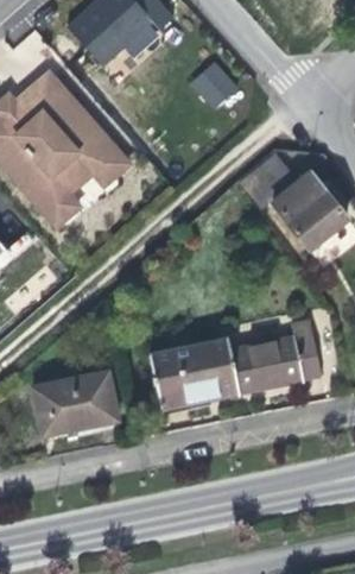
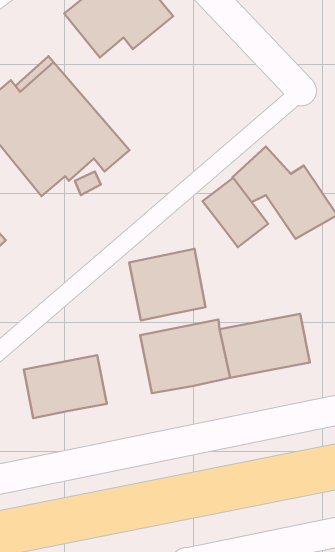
building: [191,63,241,112] -> none
building: none -> [203,178,268,247]
building: none -> [129,249,205,320]

